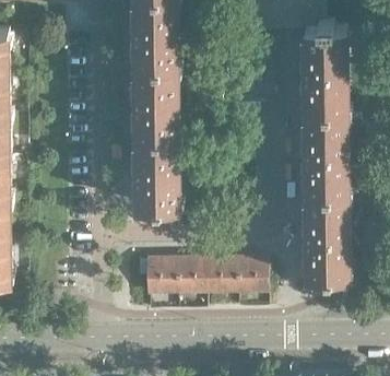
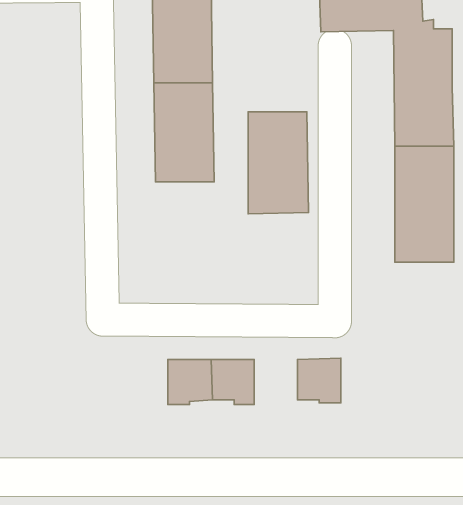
building: [135,137,178,209] -> [248,112,308,214]
building: [305,193,347,278] -> none
building: [205,262,236,294] -> none

